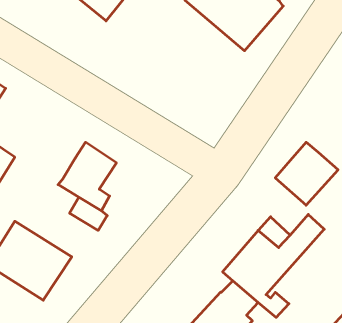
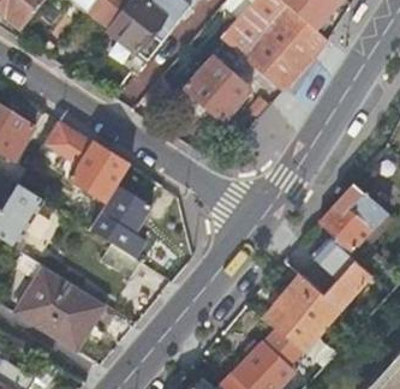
building: none -> [187,58,252,121]
building: none -> [38,121,131,201]

